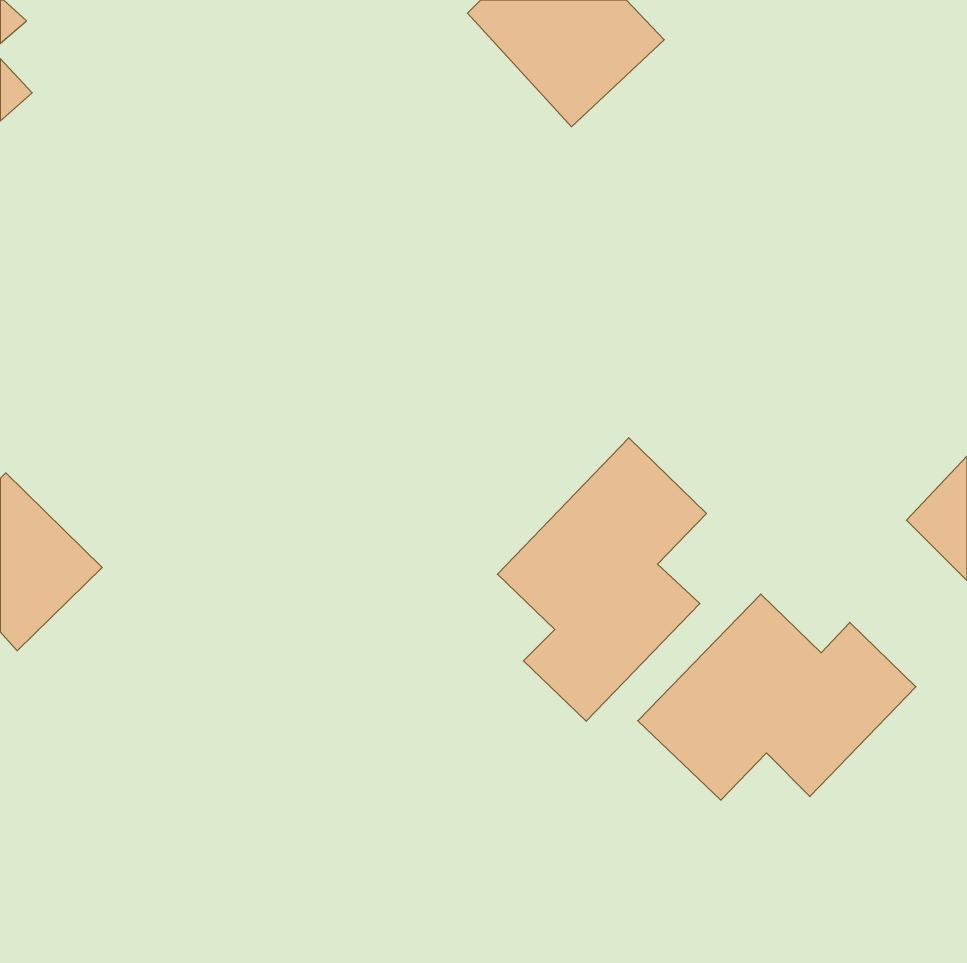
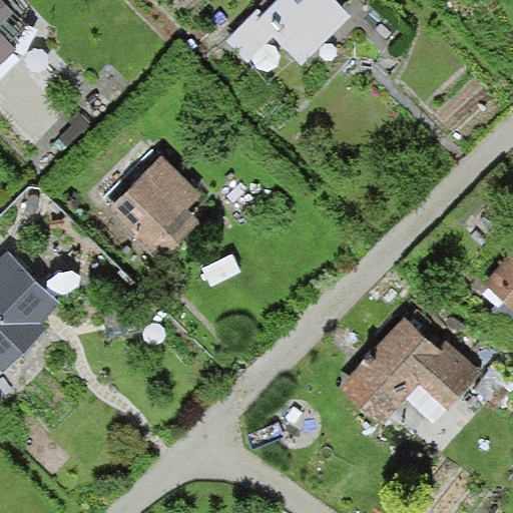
building: none -> [99,155,209,265]
building: [497,438,706,721] -> none

